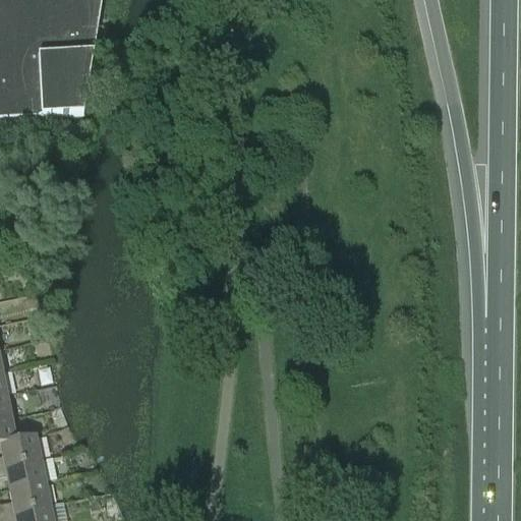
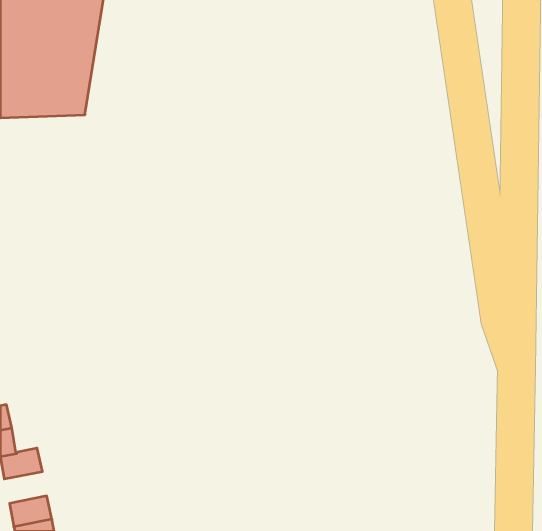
building: [4,452,45,482] -> none

